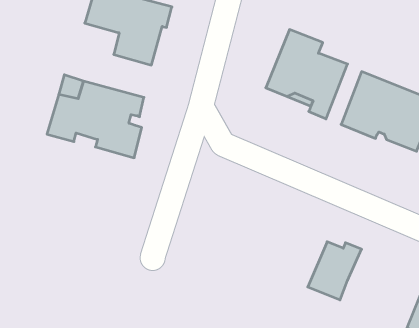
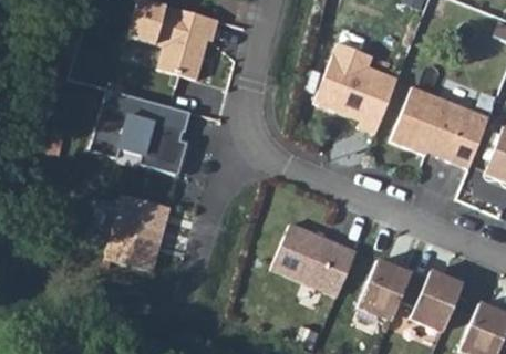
building: none -> [105,195,169,271]
building: none -> [272,225,357,298]
building: none -> [399,269,463,332]

